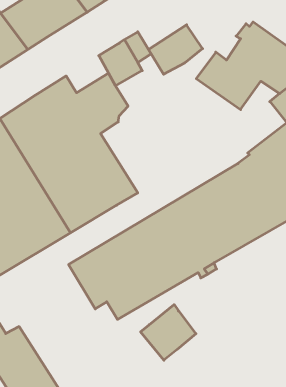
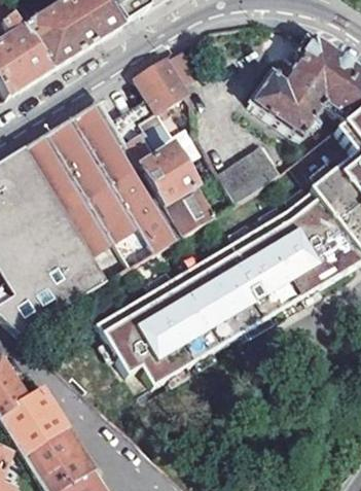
building: [148,25,203,74] -> [219,145,282,203]
building: none -> [139,146,215,236]
building: [141,305,196,360] -> none

